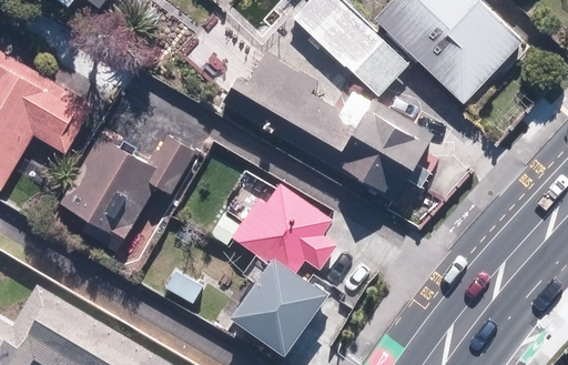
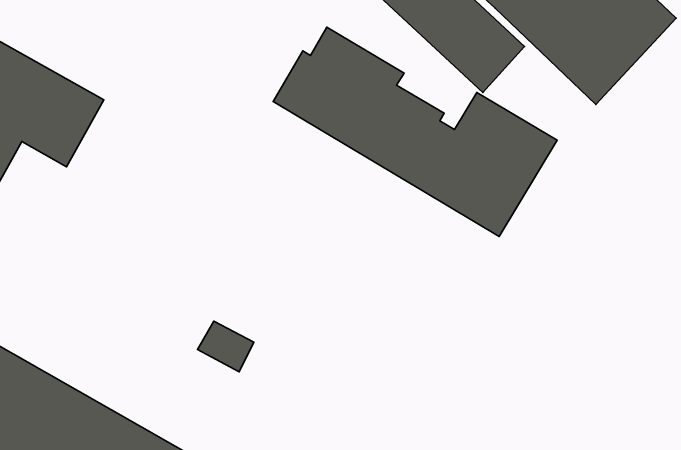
building: [58,131,199,243] -> none
building: [227,184,334,357] -> none

